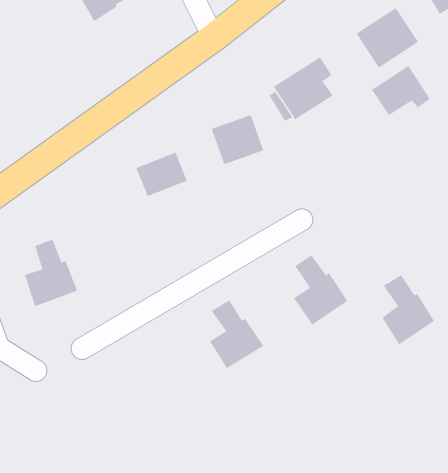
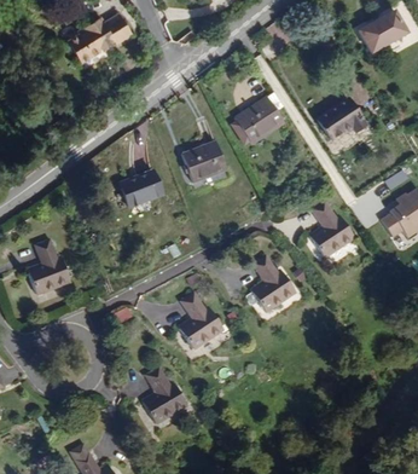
building: [356,7,419,68] -> none
building: [381,274,435,345] -> [309,202,354,261]
building: none -> [143,369,187,427]

